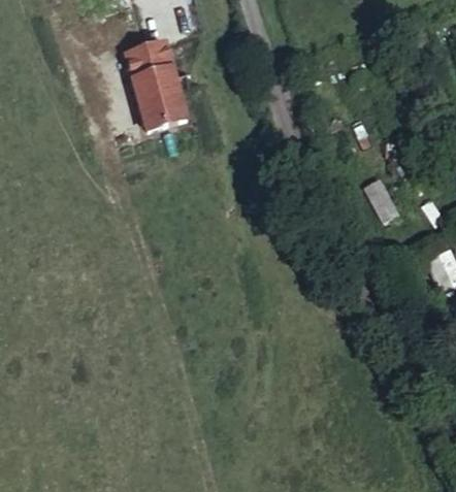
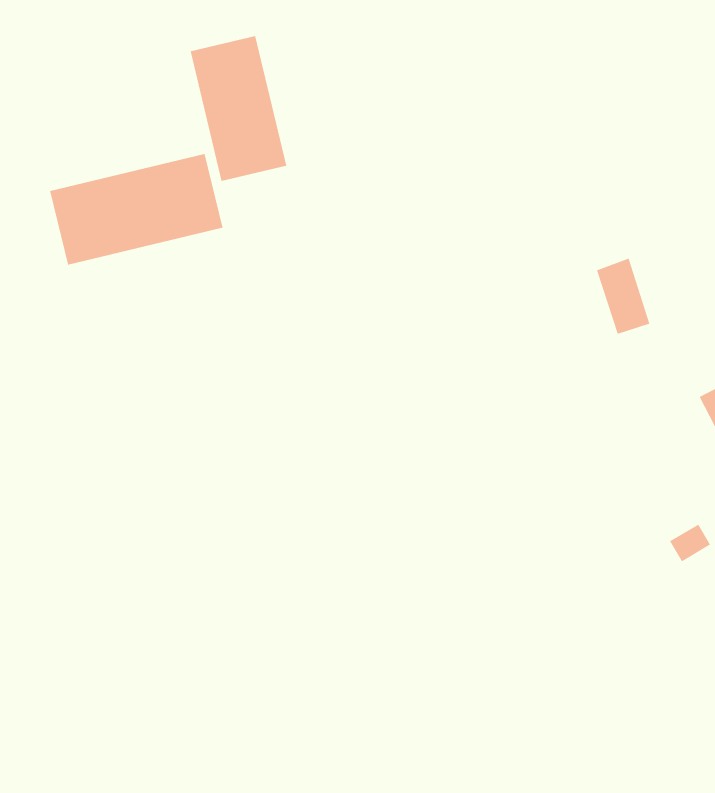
building: none -> [50,153,223,266]

